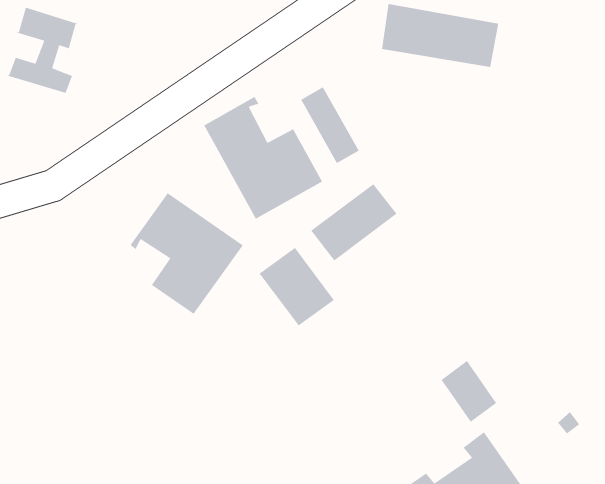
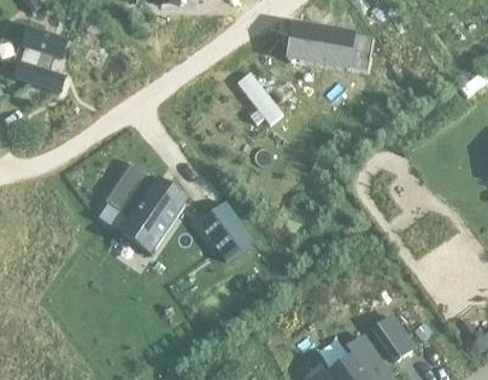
building: [203,96,323,220] -> none
building: [310,183,398,261] -> none
building: [441,360,497,423] -> [374,314,414,359]

